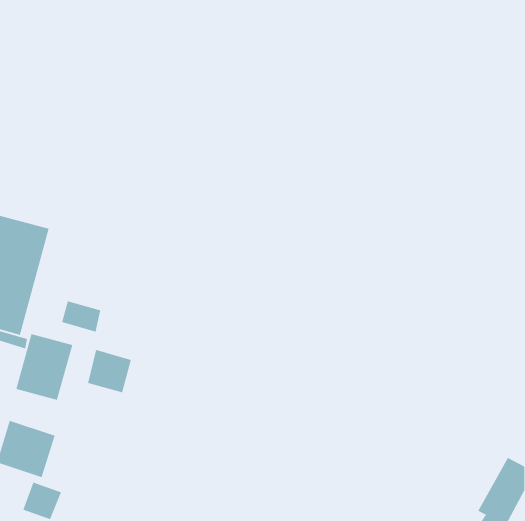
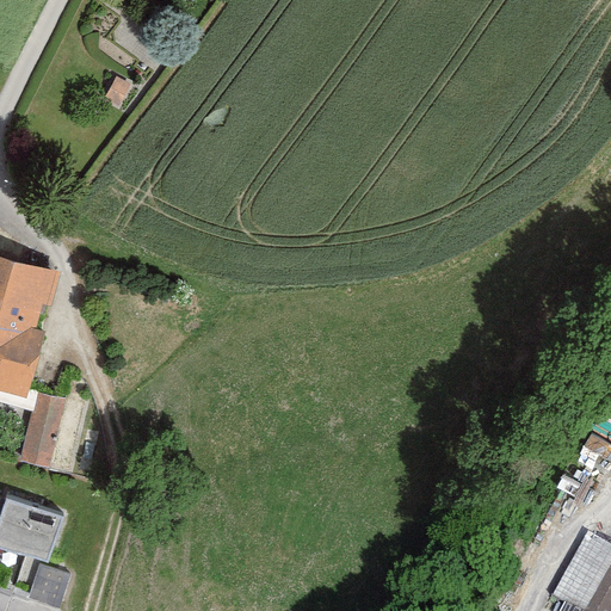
building: [61,301,101,332] -> none
building: [87,349,132,393] -> none

